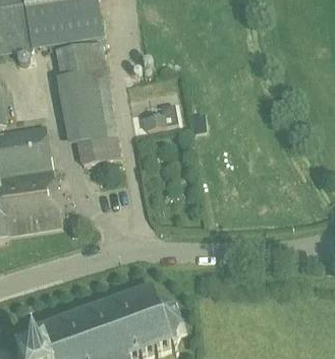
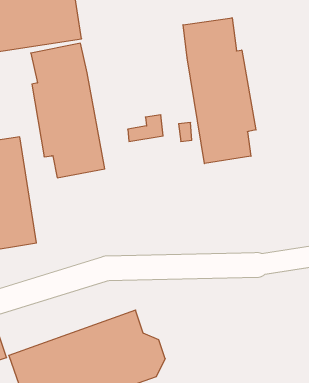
building: none -> [183,18,256,164]

